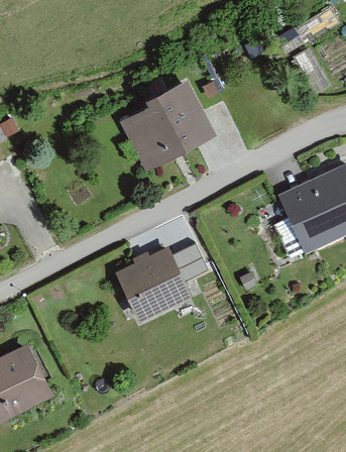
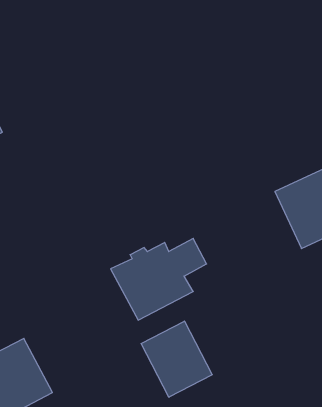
building: [120,80,216,172] -> none
building: none -> [141,321,212,397]

